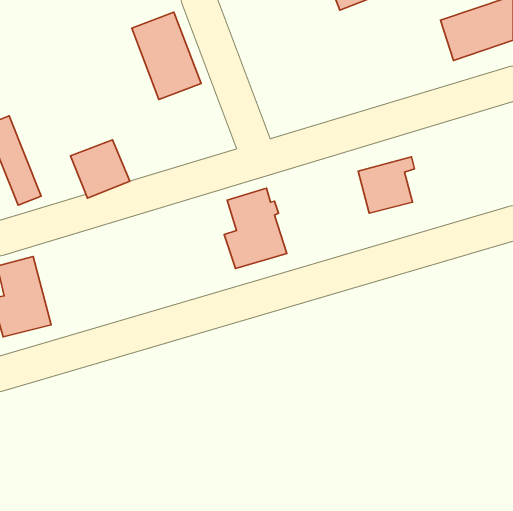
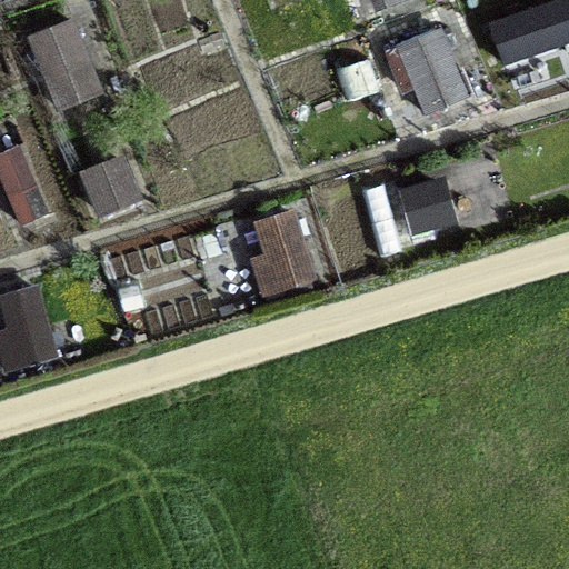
building: [132,12,201,100] -> [28,18,104,114]
building: none -> [395,27,469,116]

